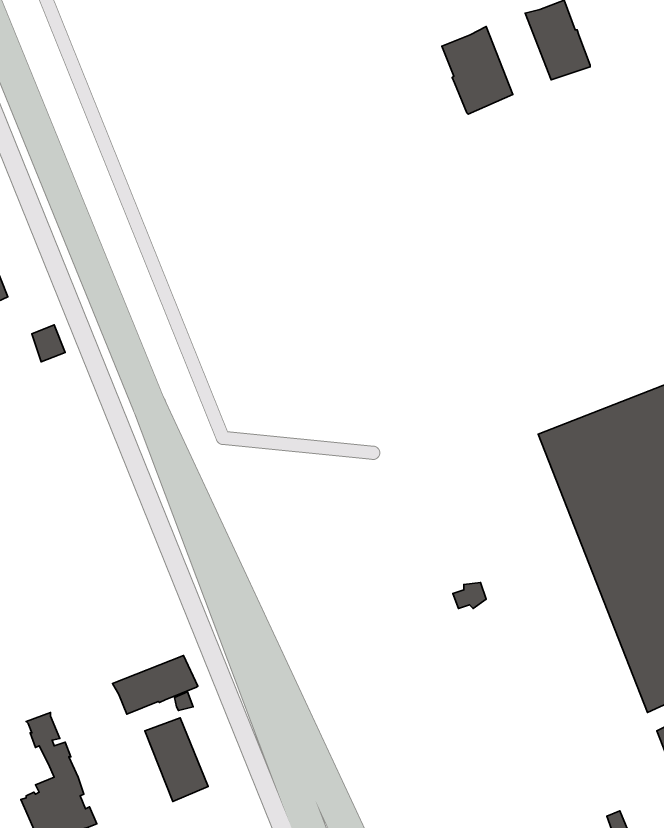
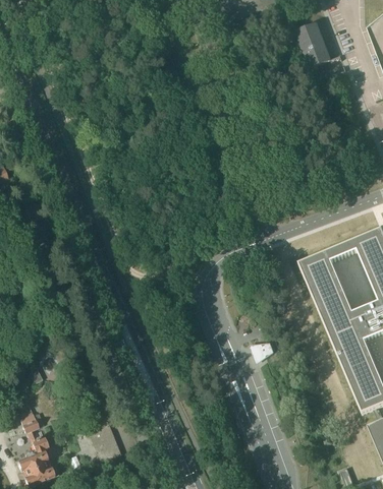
building: [442,27,513,114] -> none
building: [112,656,198,714] -> none

